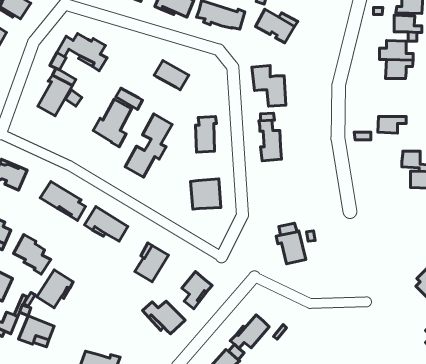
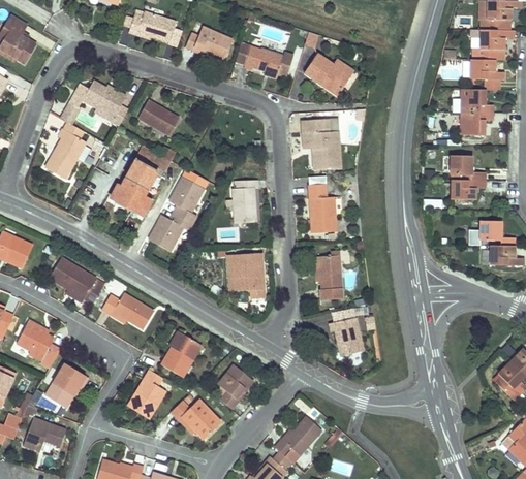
building: [154,60,189,90] -> [137,99,179,134]
building: none -> [450,155,485,180]
building: none -> [319,254,344,298]
building: none -> [130,370,165,418]

